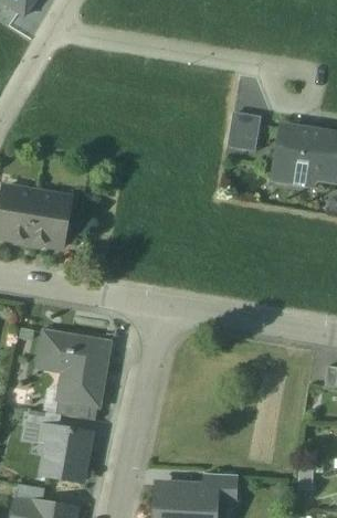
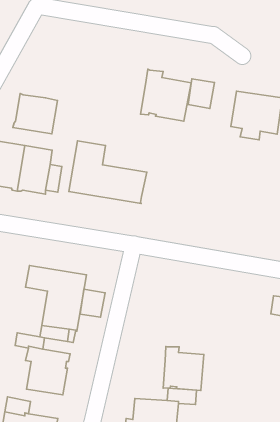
building: none -> [140,69,191,121]
building: none -> [13,93,57,134]
building: none -> [69,141,147,204]
building: none -> [80,289,105,317]
building: none -> [163,346,204,390]

